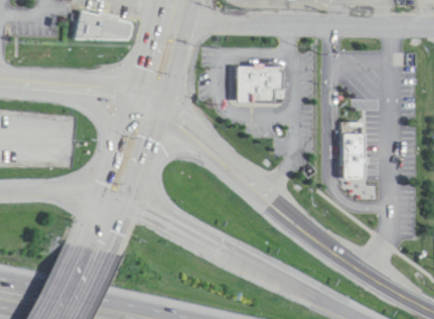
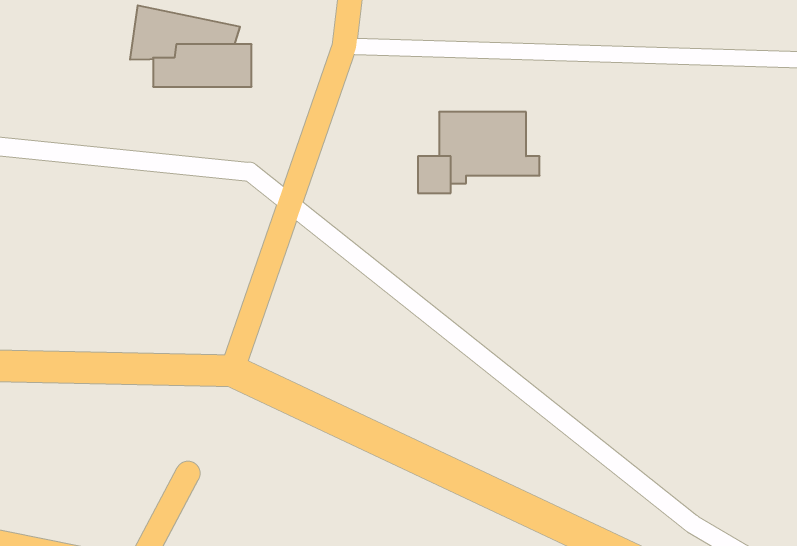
building: [342,129,365,173] -> none

